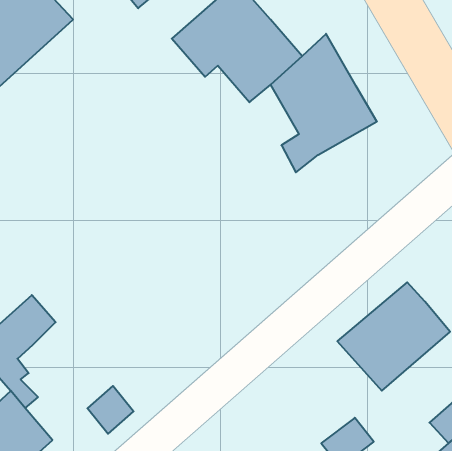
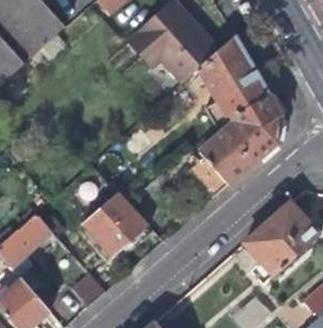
building: none -> [179,94,281,203]
building: none -> [82,192,147,257]

